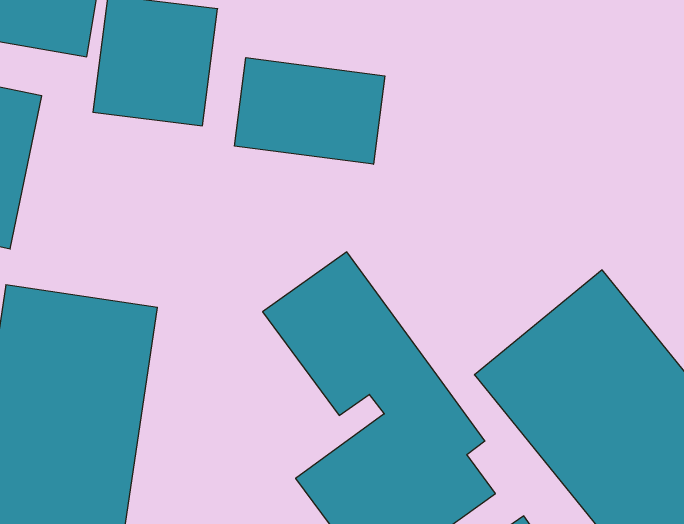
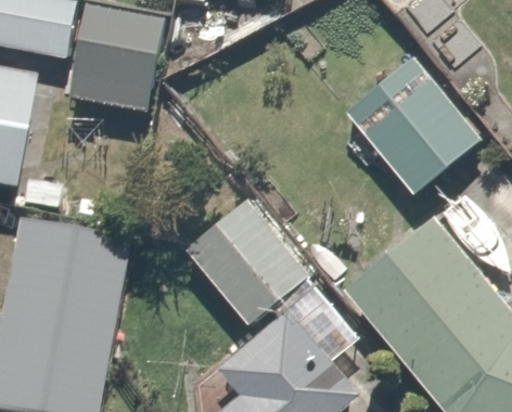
building: none -> [342,56,483,199]
building: [235,58,385,164] -> none

